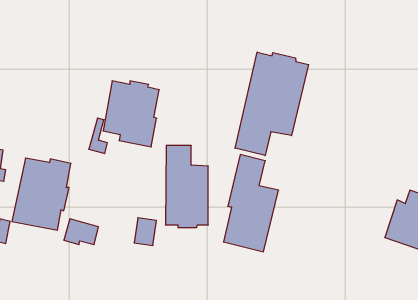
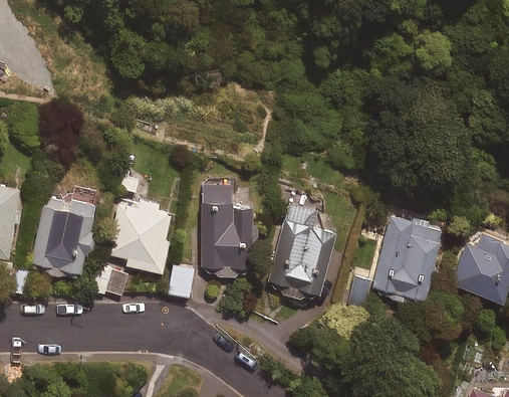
building: [235,52,309,156] -> none
building: [103,81,159,147] -> [109,199,173,273]
building: none -> [370,217,440,307]

